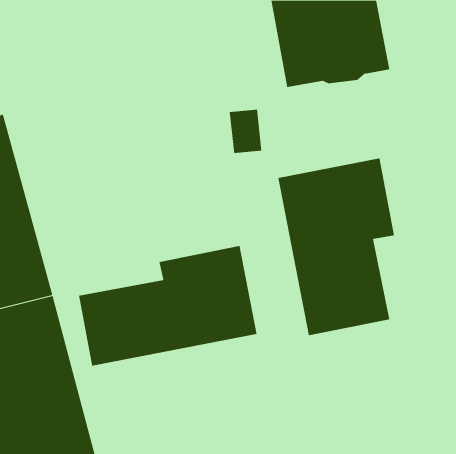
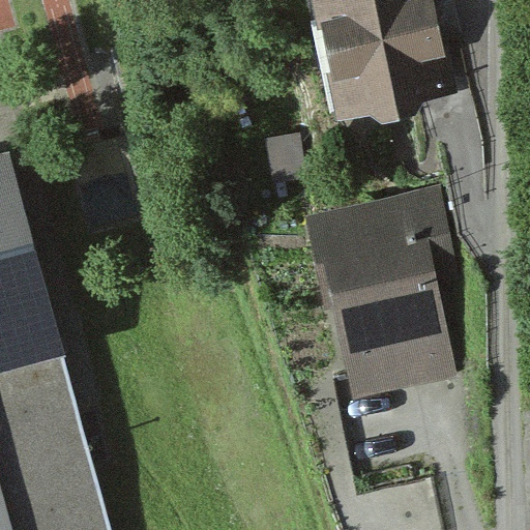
building: [78,245,257,367] -> none

